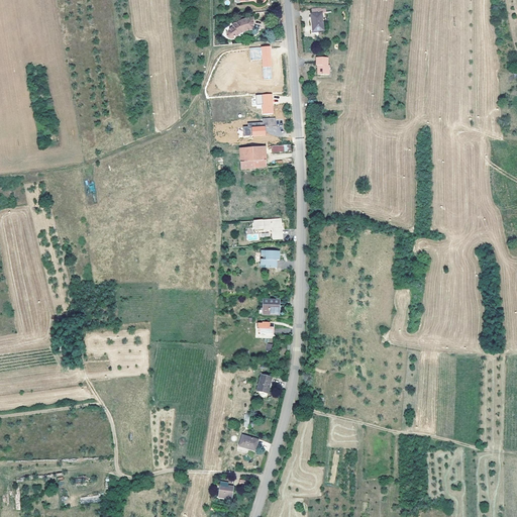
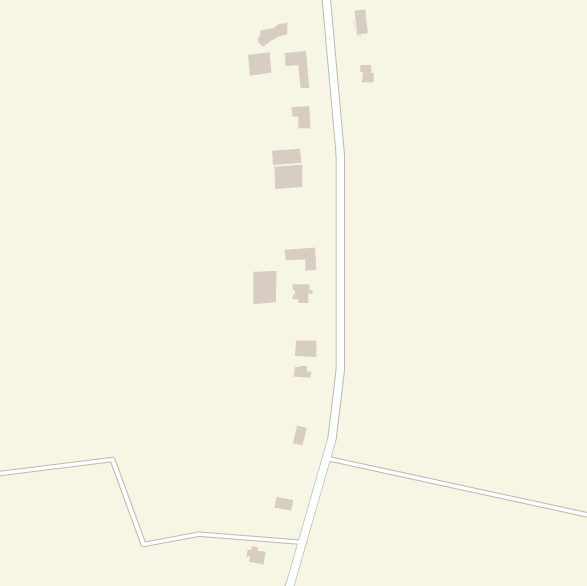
building: none -> [247,52,272,77]
building: none -> [253,270,277,305]

